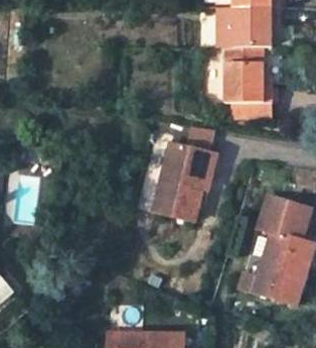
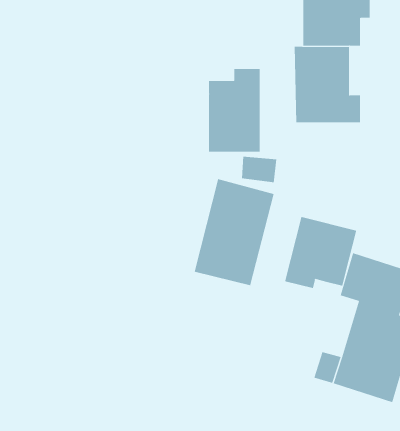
building: none -> [209,68,260,153]
building: none -> [284,216,357,289]

